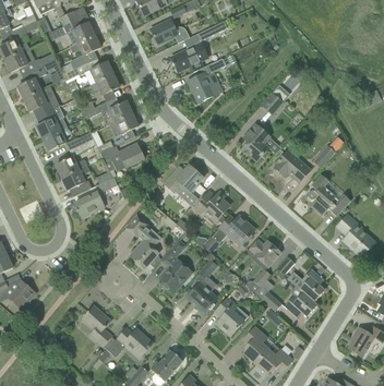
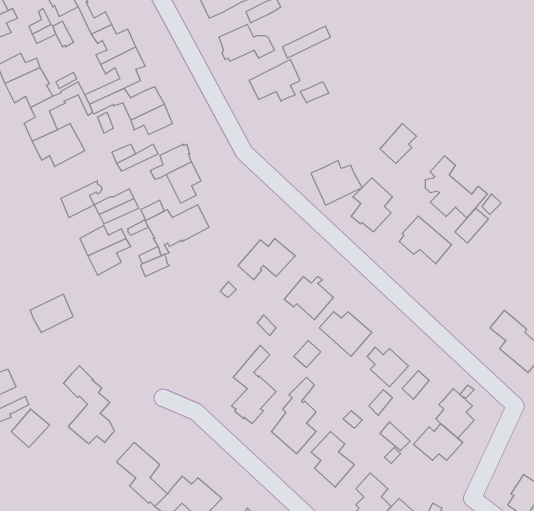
building: [188,72,223,102] -> [311,160,362,205]
building: [35,106,68,138] -> none
building: [308,174,350,217] -> [425,156,488,218]
building: [74,192,104,218] -> [30,294,73,332]
building: [127,215,161,268] -> [63,366,114,444]

